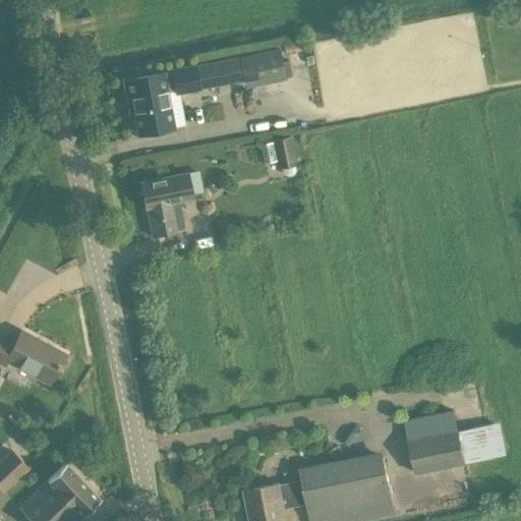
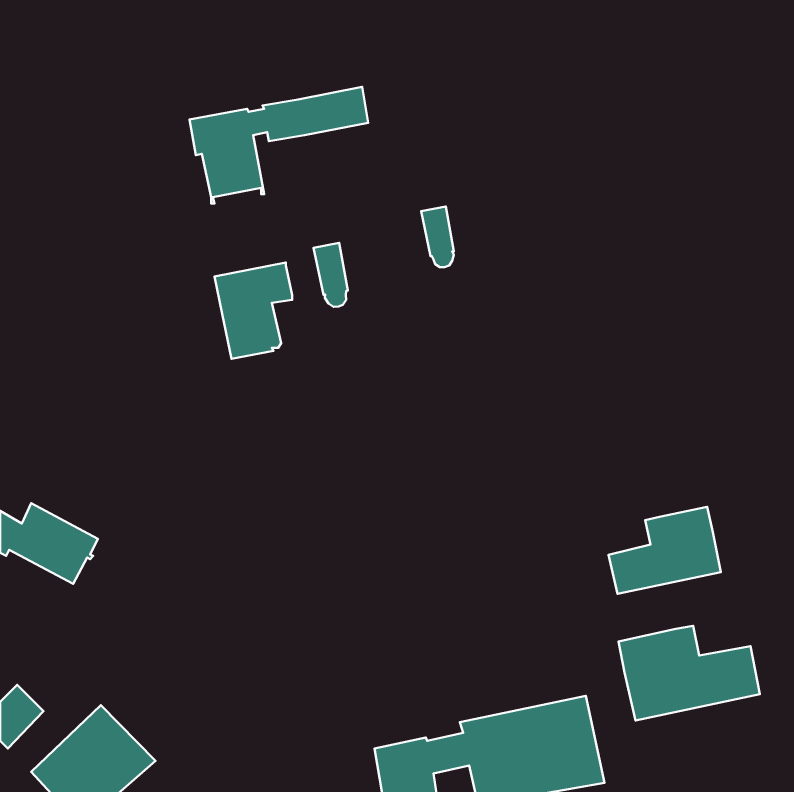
building: [243,50,285,82] -> none
building: none -> [314,243,348,307]
building: none -> [608,507,721,594]

